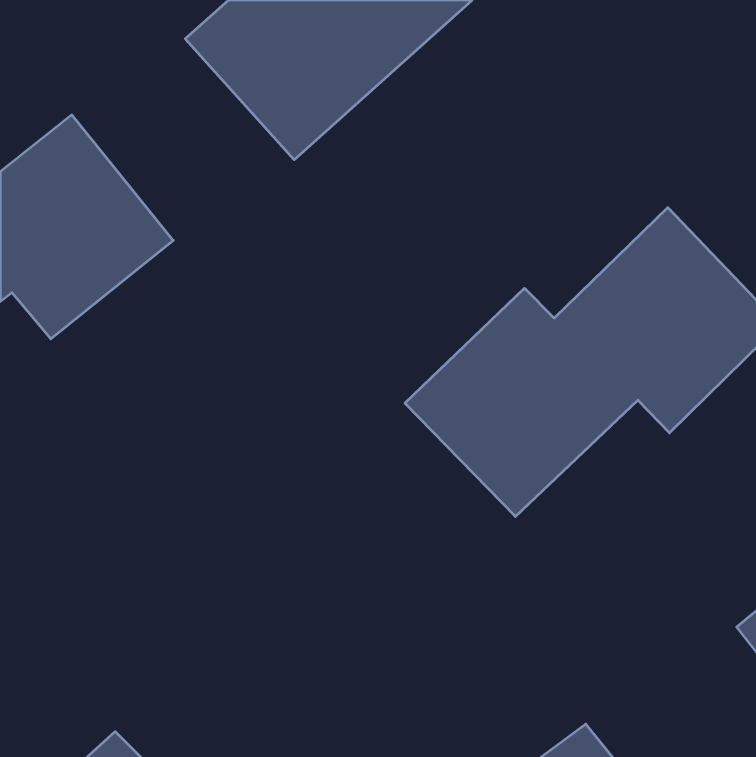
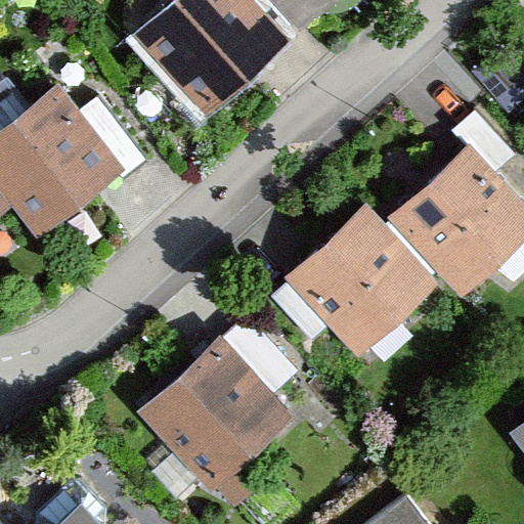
building: none -> [140,339,292,510]

